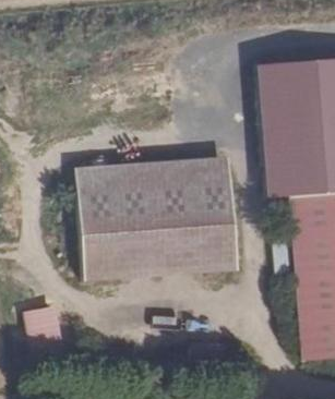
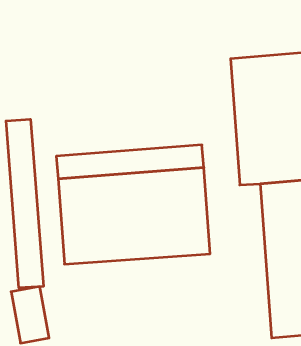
building: none -> [6,119,43,288]

